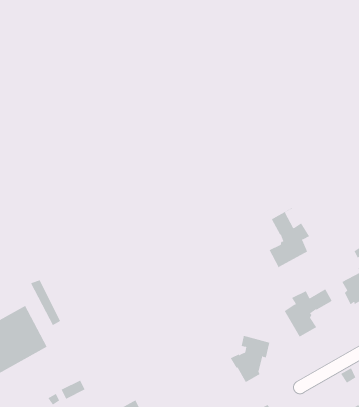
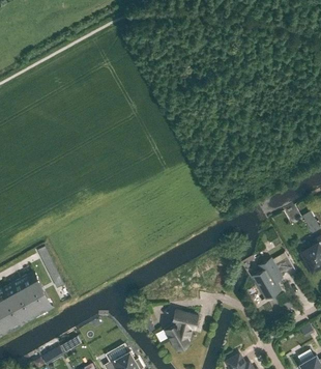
building: [268,207,310,273] -> none
building: [230,335,270,383] -> [164,310,198,350]

